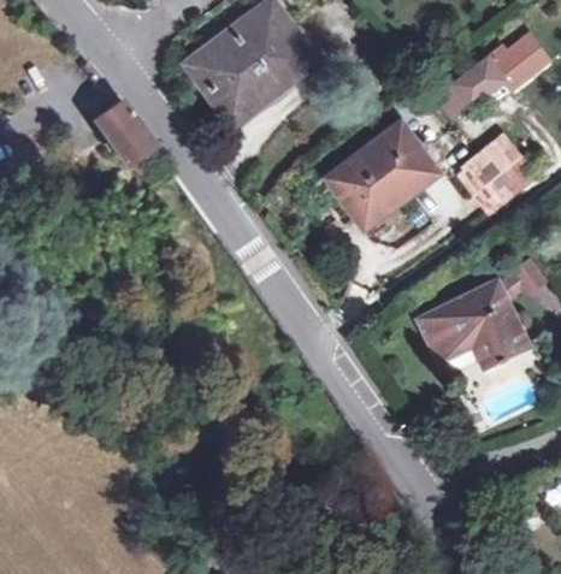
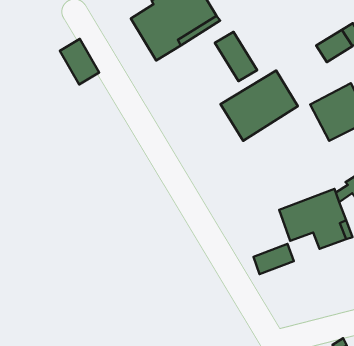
building: none -> [215,32,257,81]
building: none -> [254,244,294,274]

